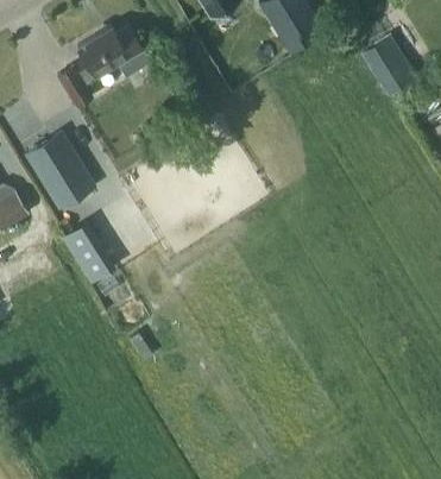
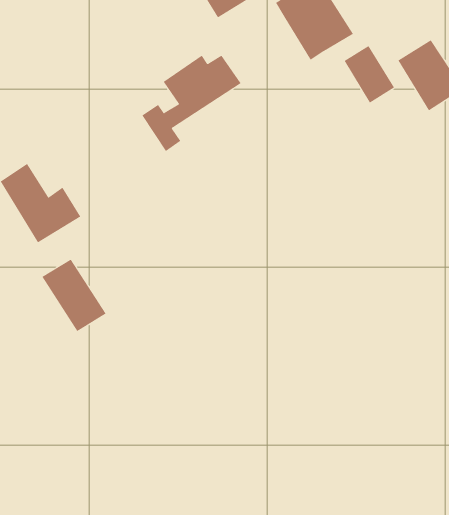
building: [59,24,144,106] -> [142,55,241,152]
building: none -> [344,45,395,104]

